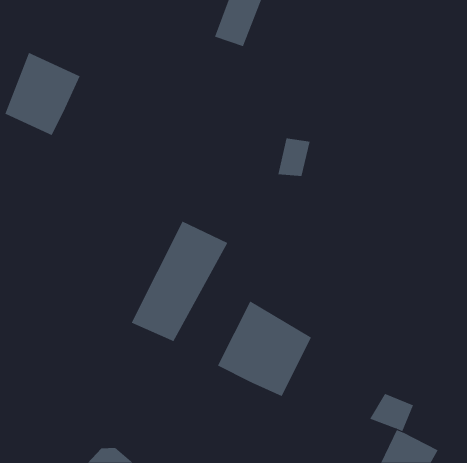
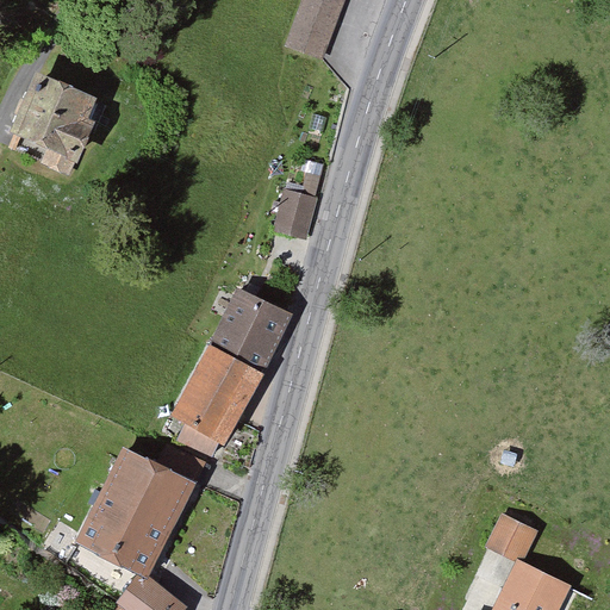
building: [278,138,310,176] -> [272,191,315,241]
building: [217,301,312,397] -> none
building: none -> [75,444,197,579]

